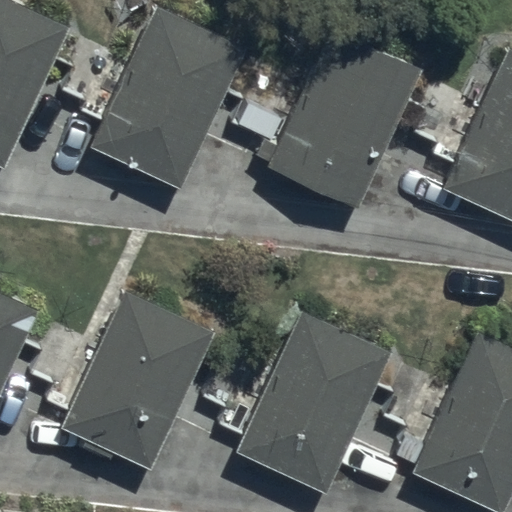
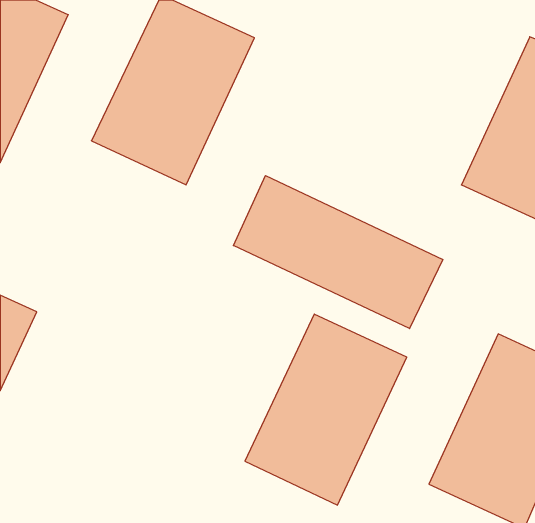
building: [266,28,421,207] -> none
building: none -> [233,176,443,329]
building: [62,291,213,469] -> none

